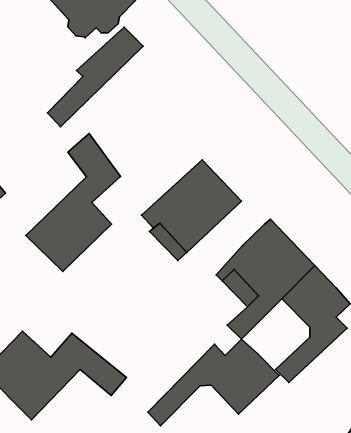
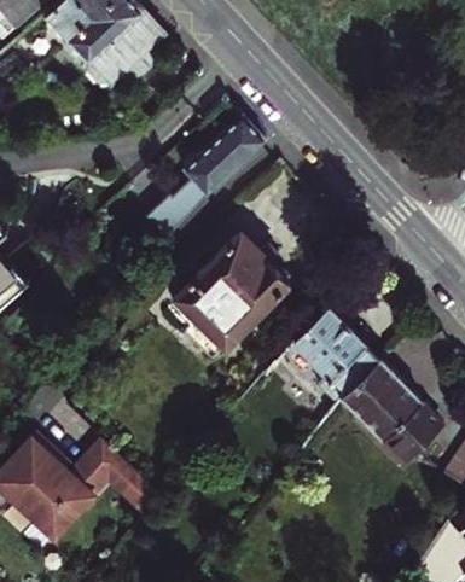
building: [47,27,143,127] -> [152,120,267,239]
building: [26,133,121,272] -> none
building: [148,339,279,426] -> none

